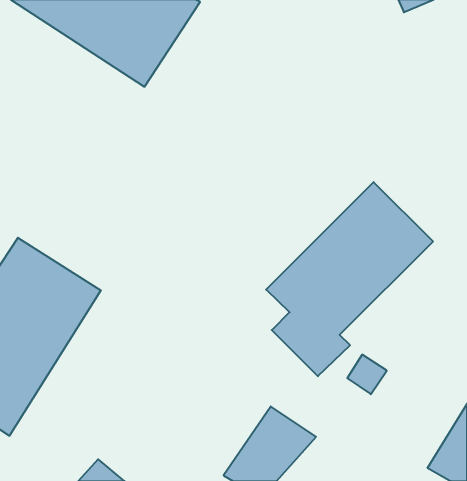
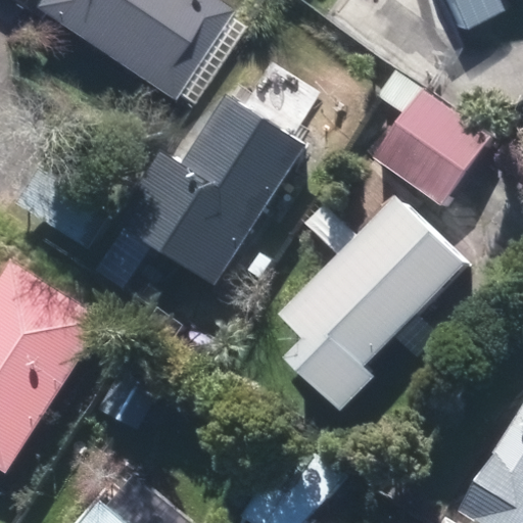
building: none -> [377,88,491,201]
building: none -> [121,93,311,283]

